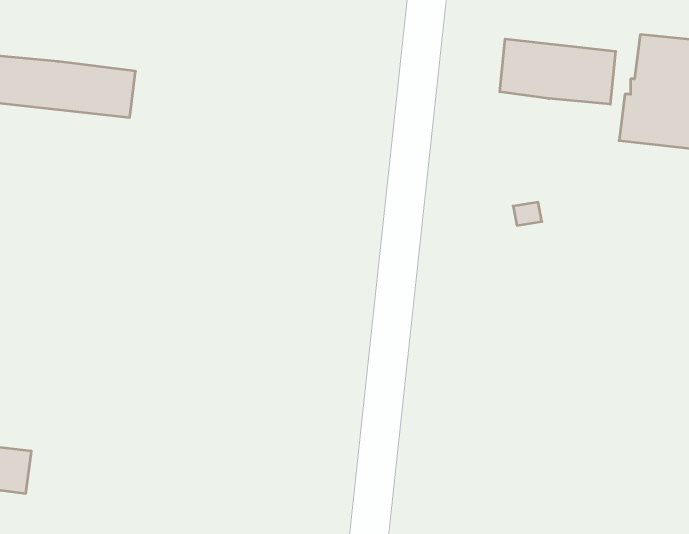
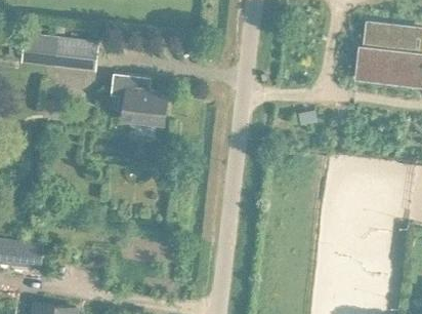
building: [500,39,616,104] -> none
building: none -> [110,73,167,124]

